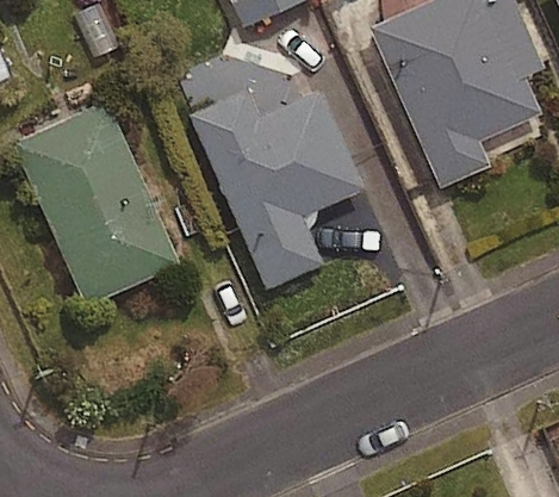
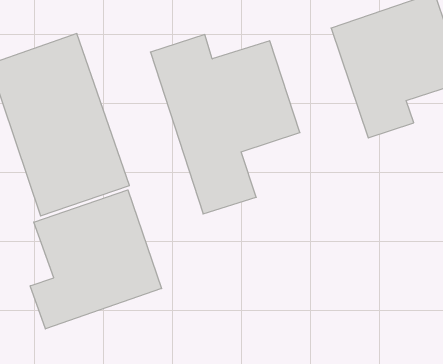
building: none -> [30,190,162,329]

